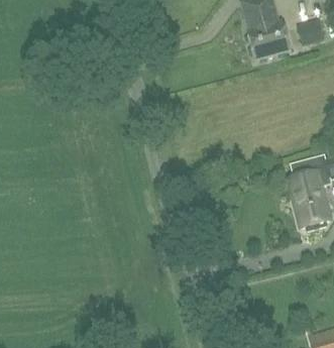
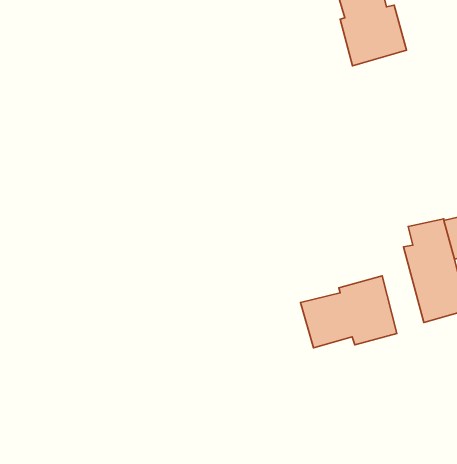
building: none -> [301,276,397,348]

